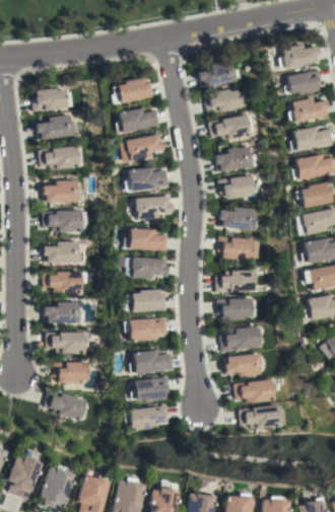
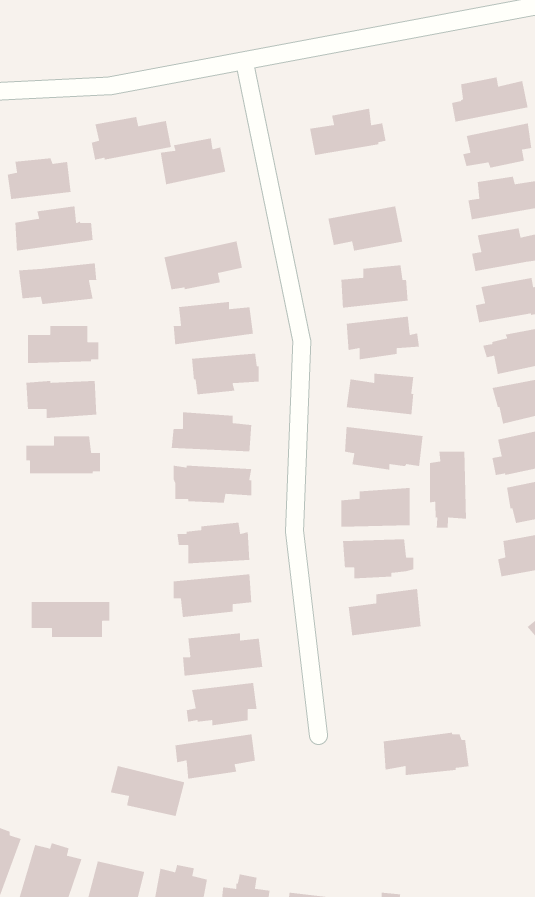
building: [207,89,243,114] -> none
building: [116,108,160,133] -> [91,116,172,160]
building: none -> [429,451,467,528]
building: [44,272,83,293] -> none
building: [45,302,81,322] -> none
building: [224,354,262,376] -> none
building: [55,362,89,383] -> none
building: [234,379,279,404] -> none
building: [46,391,87,420] -> [110,765,185,817]

